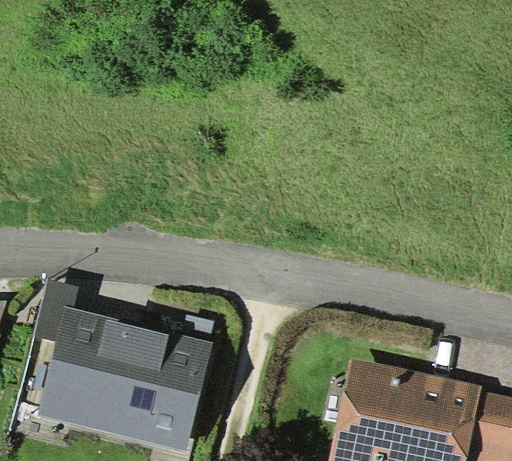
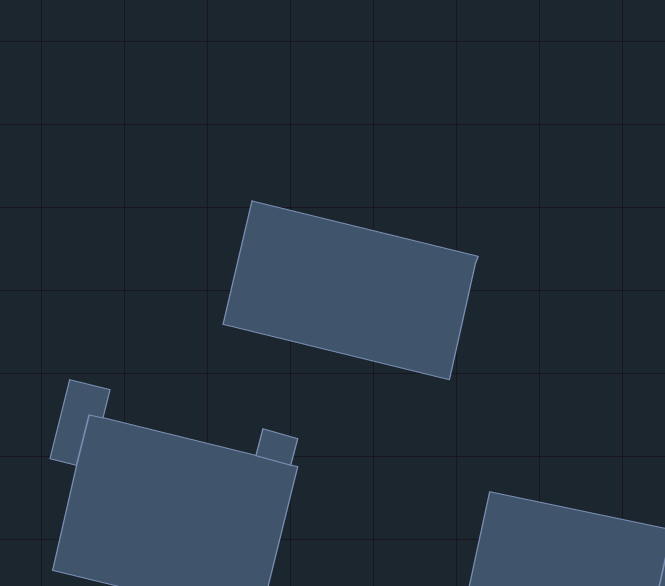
building: none -> [223,201,478,380]

